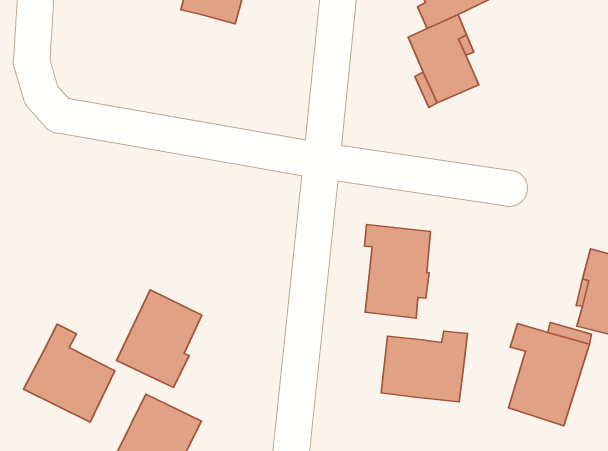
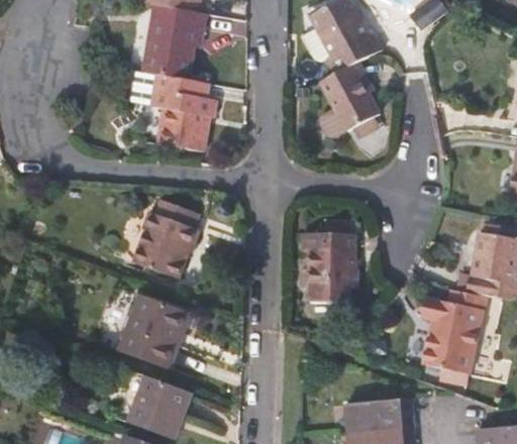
building: none -> [152,77,216,153]
building: none -> [130,198,195,274]
building: [24,324,115,422] -> none
building: [381,331,468,402] -> none

